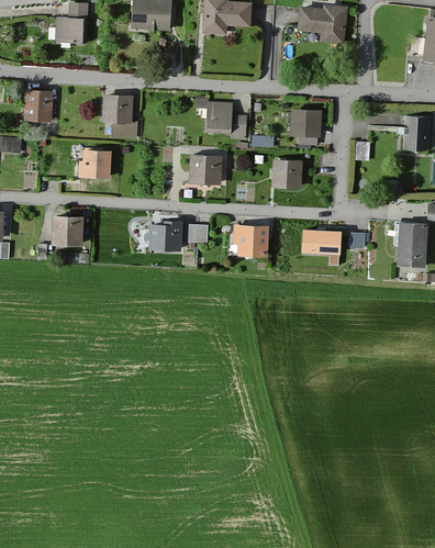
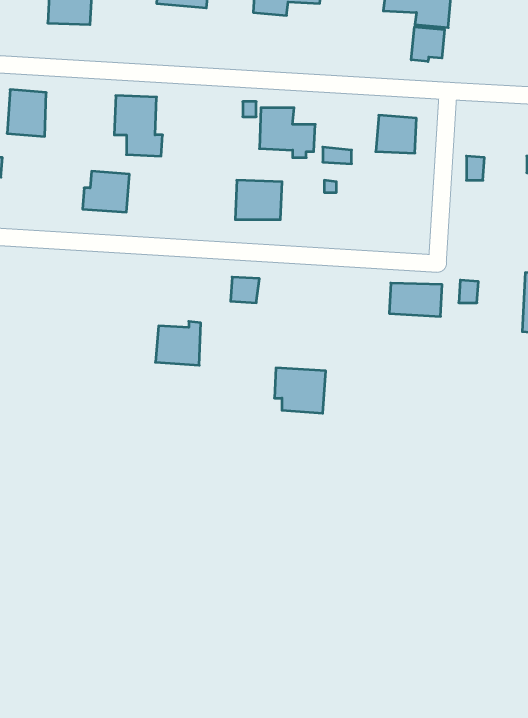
building: none -> [411,27,444,62]
building: [271,159,302,189] -> none
building: [51,215,83,246] -> none
building: [148,221,181,253] -> [155,321,201,365]
building: [232,225,269,258] -> [274,368,326,413]

